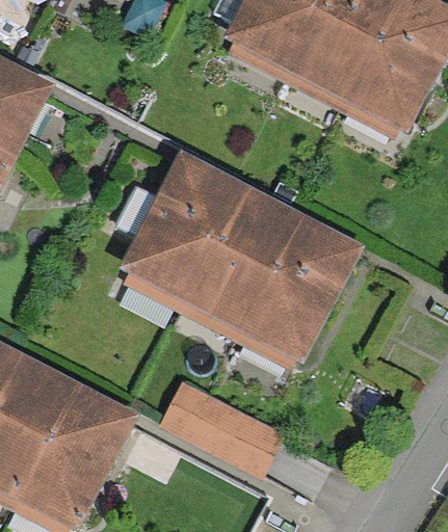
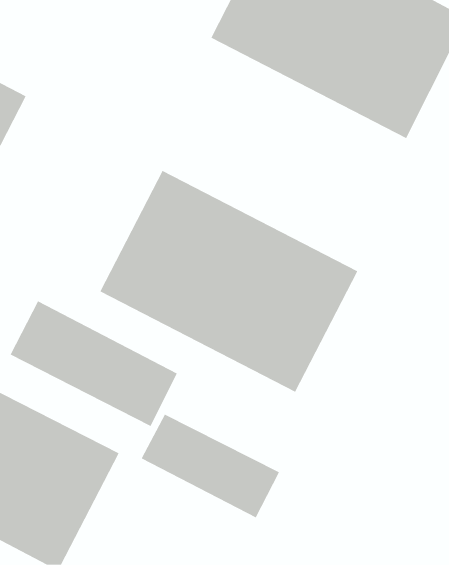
building: none -> [10,301,177,427]

